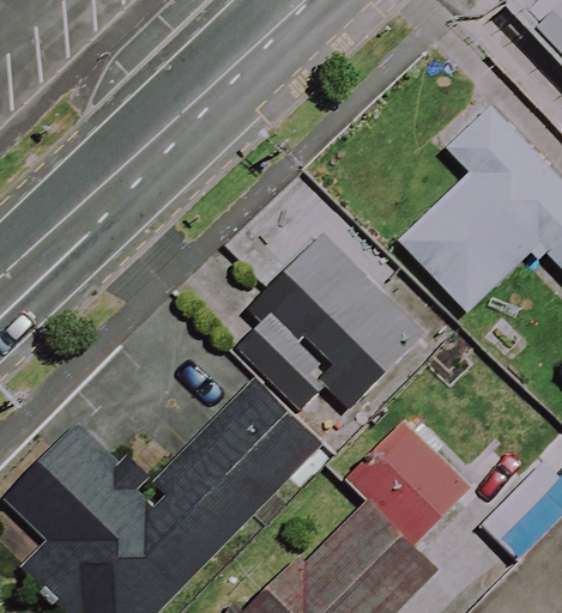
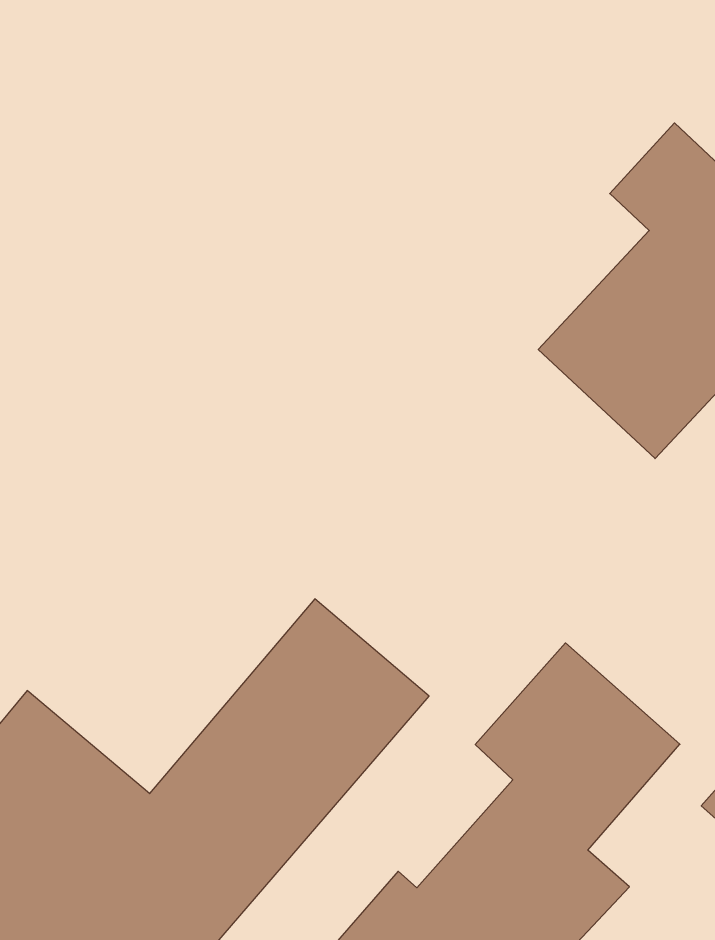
building: [222,232,430,412] -> none

